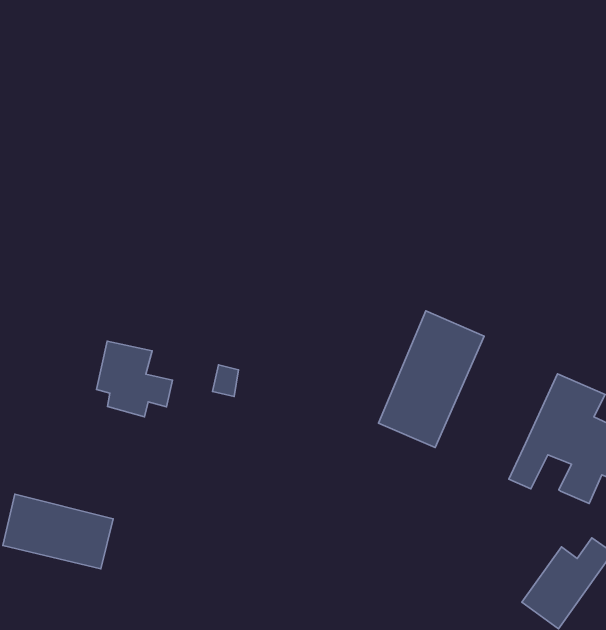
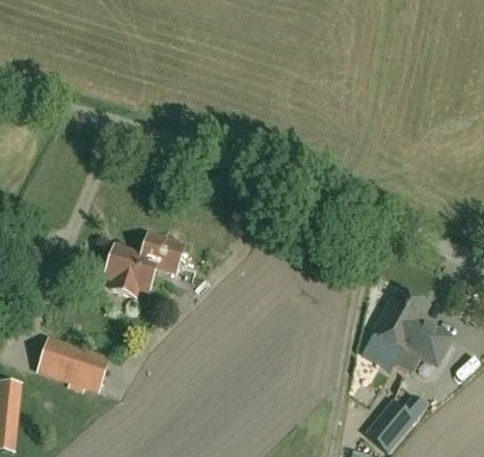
building: [379,311,484,447] -> none
building: none -> [137,235,184,274]

